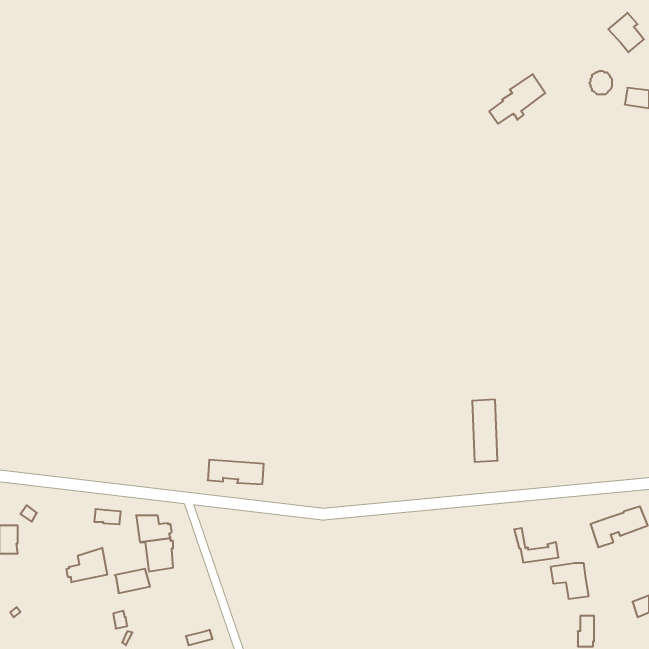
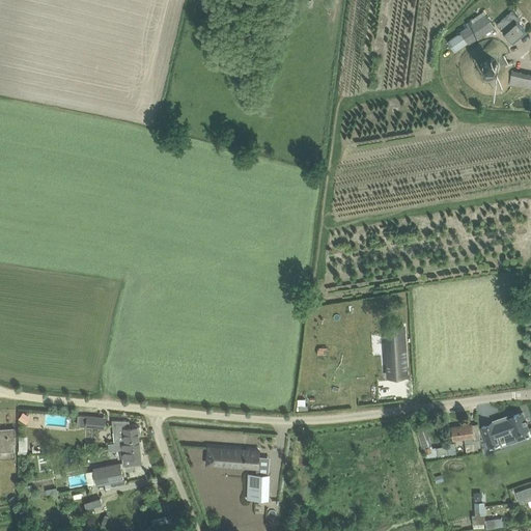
building: [489,74,545,124] -> [448,11,494,52]
building: [208,460,264,484] -> [213,448,258,468]
building: [67,548,107,582] -> none
building: [551,563,589,599] -> [451,424,482,453]
building: none -> [247,474,270,501]

